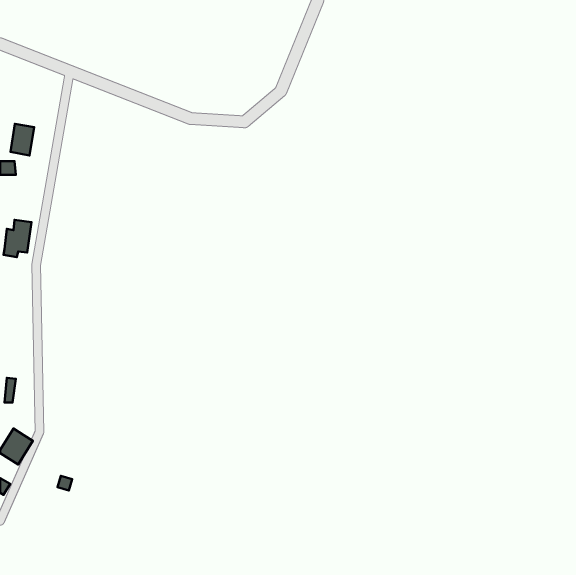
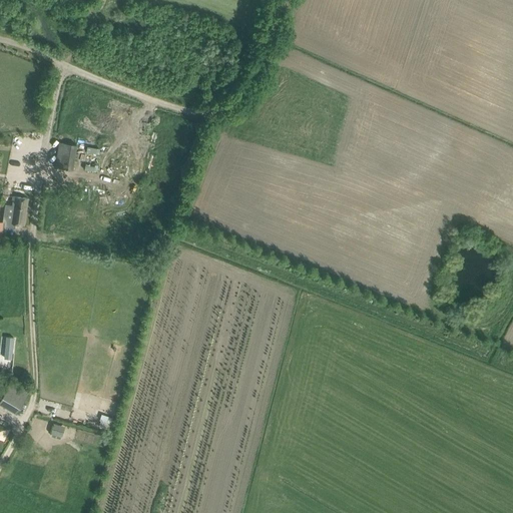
building: [10,124,34,155] -> [55,142,76,170]

